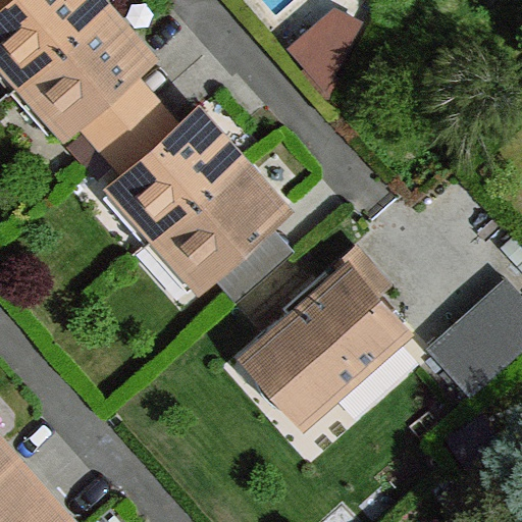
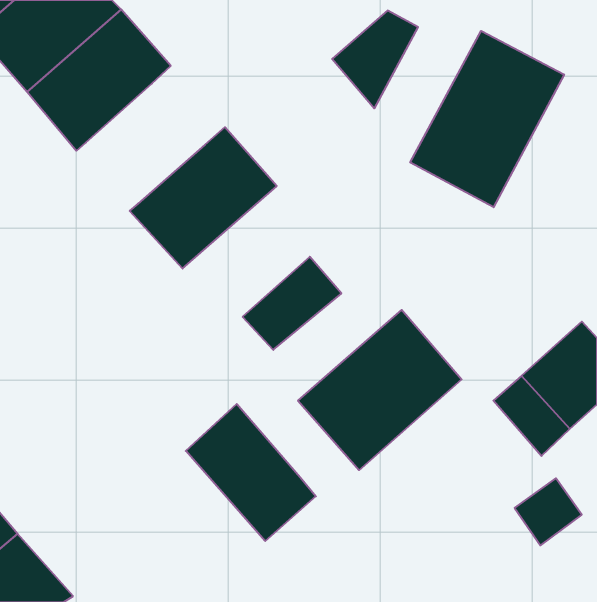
building: none -> [410,31,564,207]
building: [74,72,177,176] -> none
building: [158,161,282,282] -> none
building: none -> [186,404,316,541]

